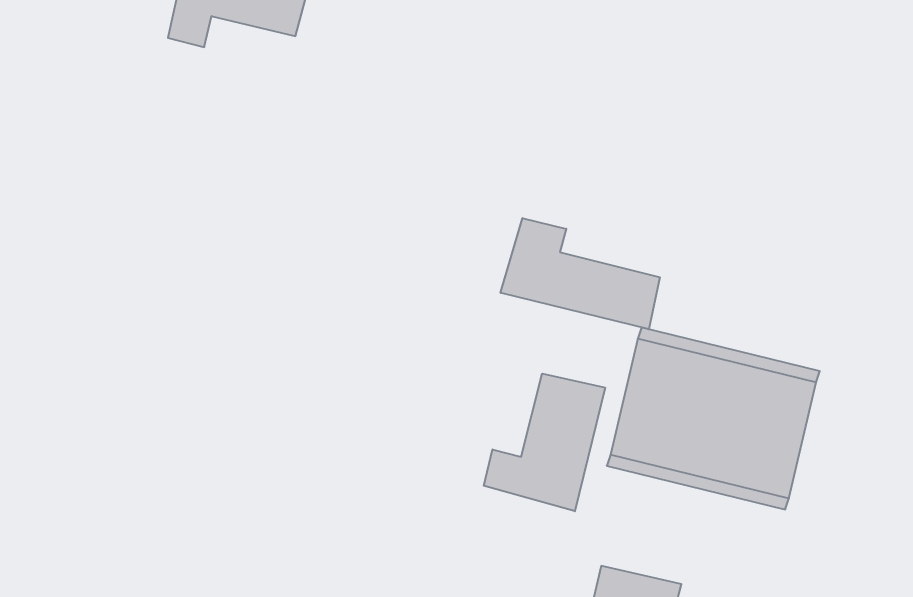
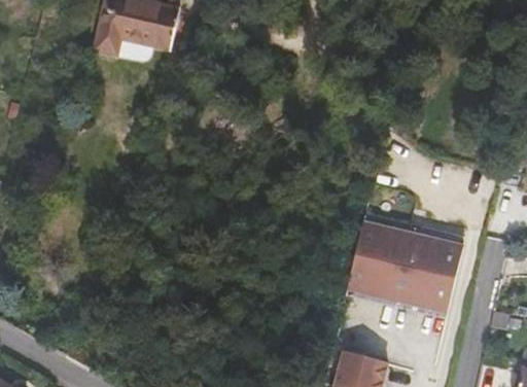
building: [501,218,660,329] -> none
building: [484,374,605,511] -> none

